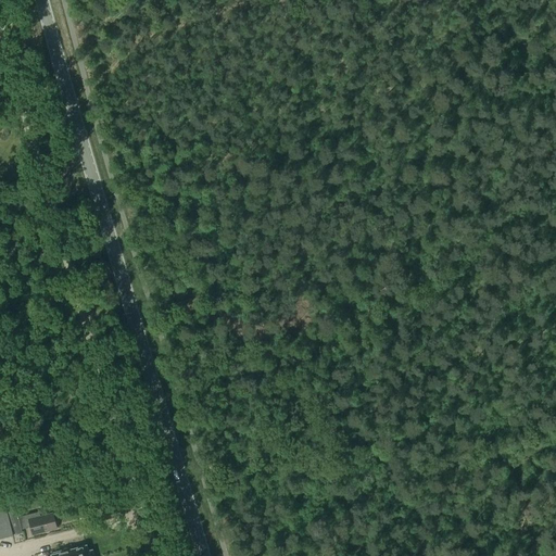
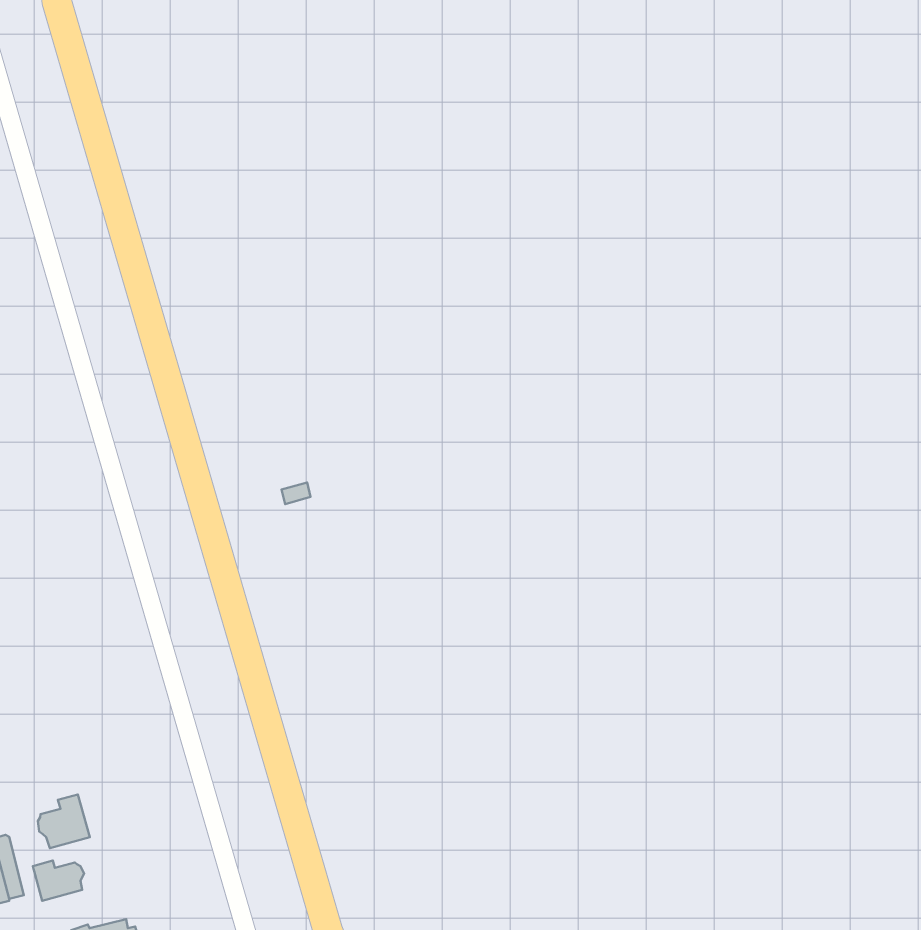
building: none -> [38,794,90,848]

